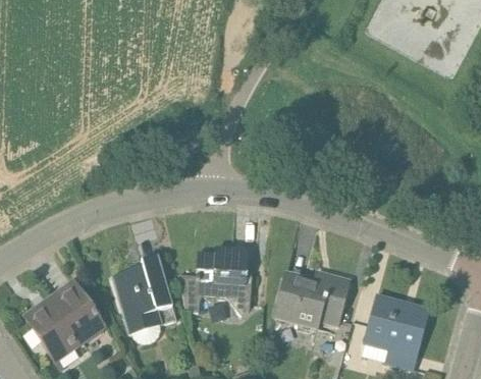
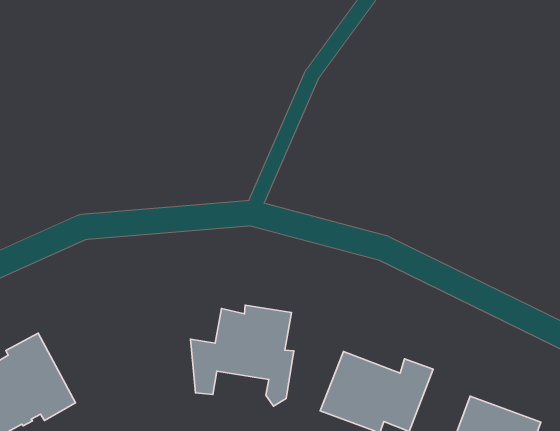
building: [113,256,176,333] -> none

